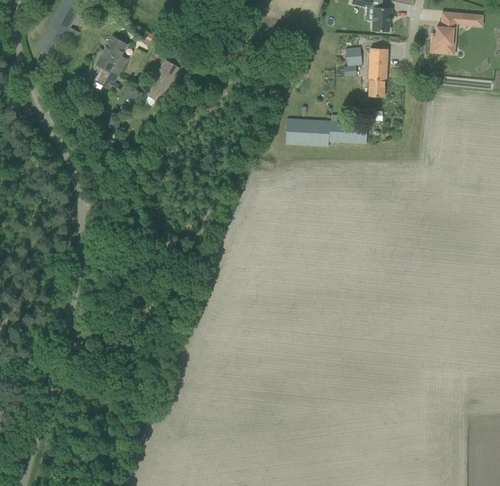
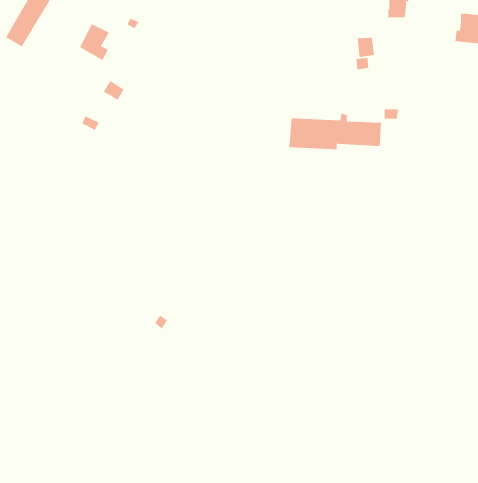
building: [368,47,387,97] -> none
building: [94,56,122,93] -> none
building: [145,59,179,102] -> none

